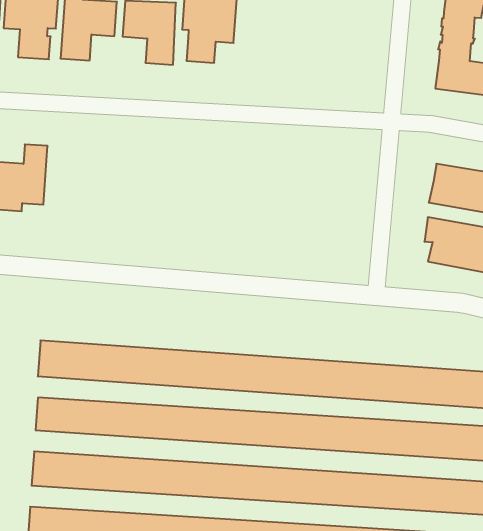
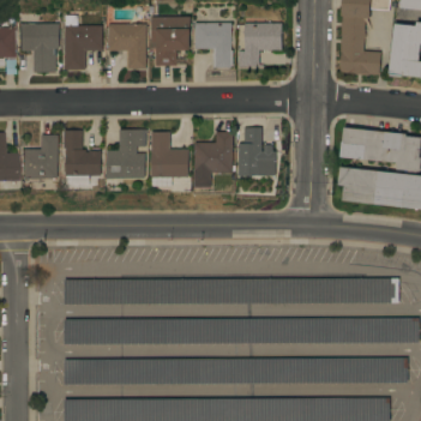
building: none -> [194,22,233,67]
building: none -> [239,23,282,66]
building: none -> [65,130,102,184]
building: none -> [108,128,146,178]
building: none -> [152,131,190,186]
building: none -> [239,127,277,175]
building: none -> [196,131,234,184]

